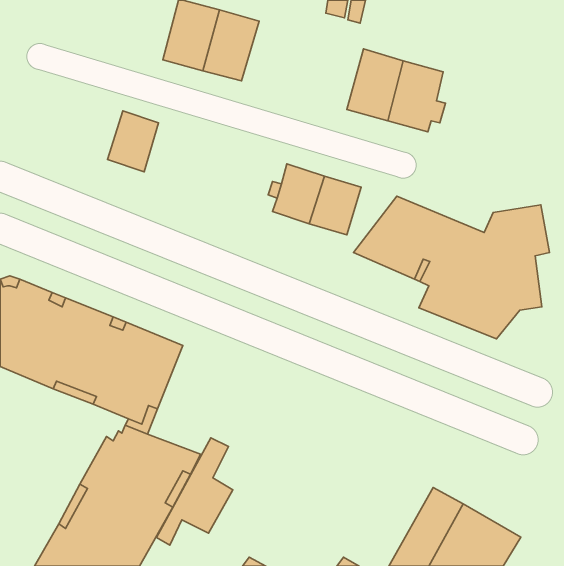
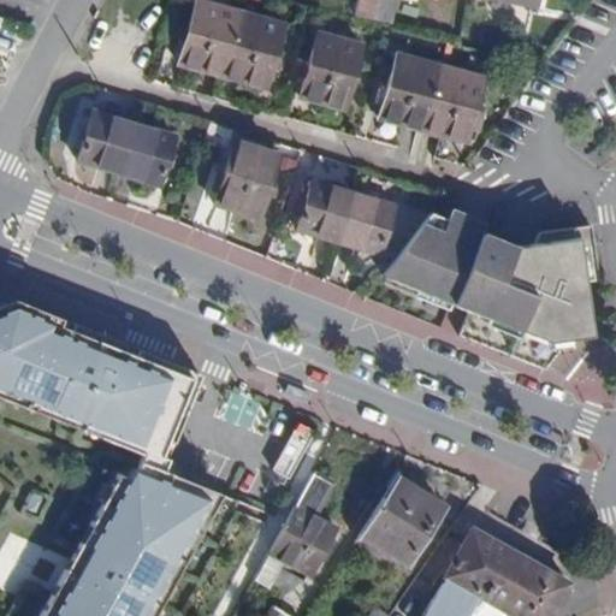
building: none -> [302,32,362,109]
building: none -> [79,108,136,173]
building: none -> [218,141,279,219]
building: [156,438,233,545] -> [255,473,338,590]
building: none -> [361,476,444,563]

